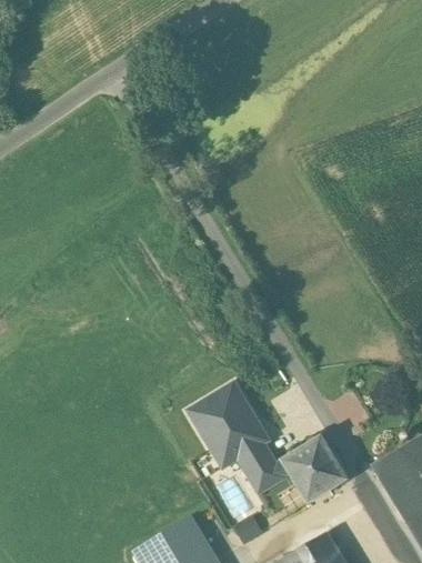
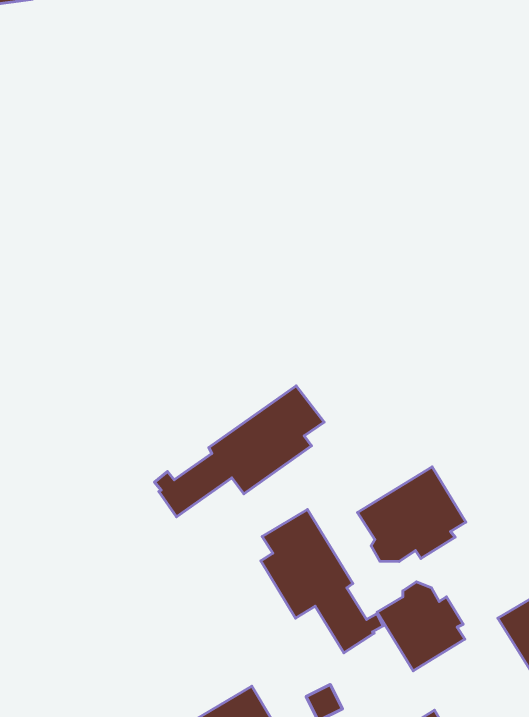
building: none -> [154,386,324,517]
building: none -> [357,467,466,561]

